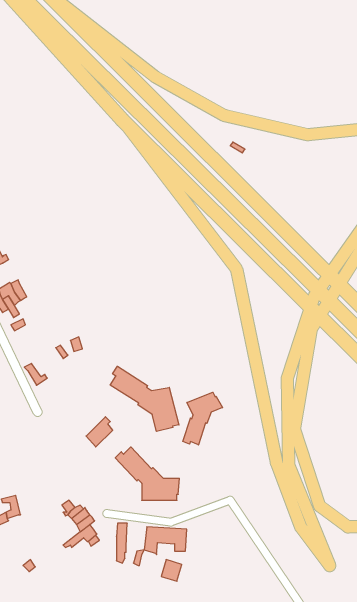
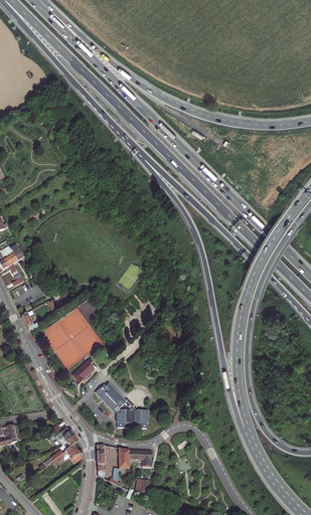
building: [110,366,179,431] -> none
building: [183,392,223,445] -> none

